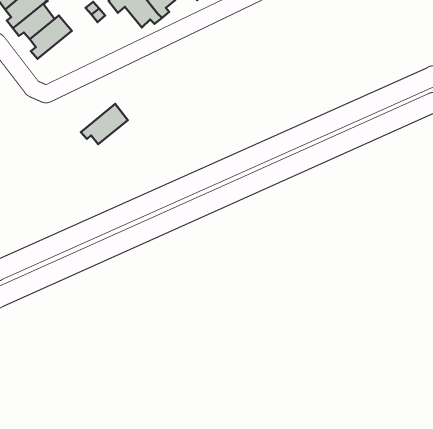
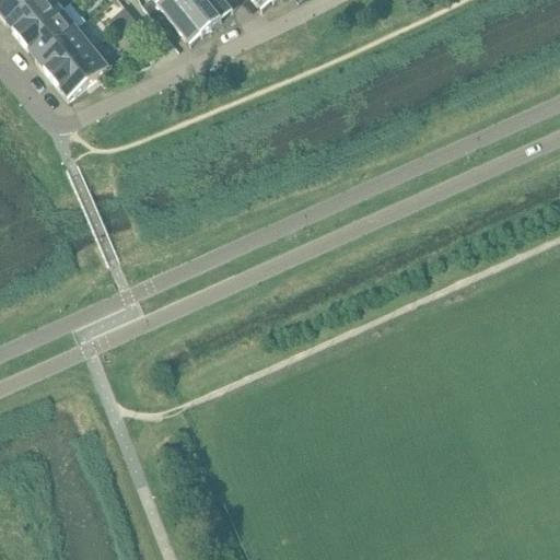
building: [81,104,128,144] -> [48,39,108,91]

